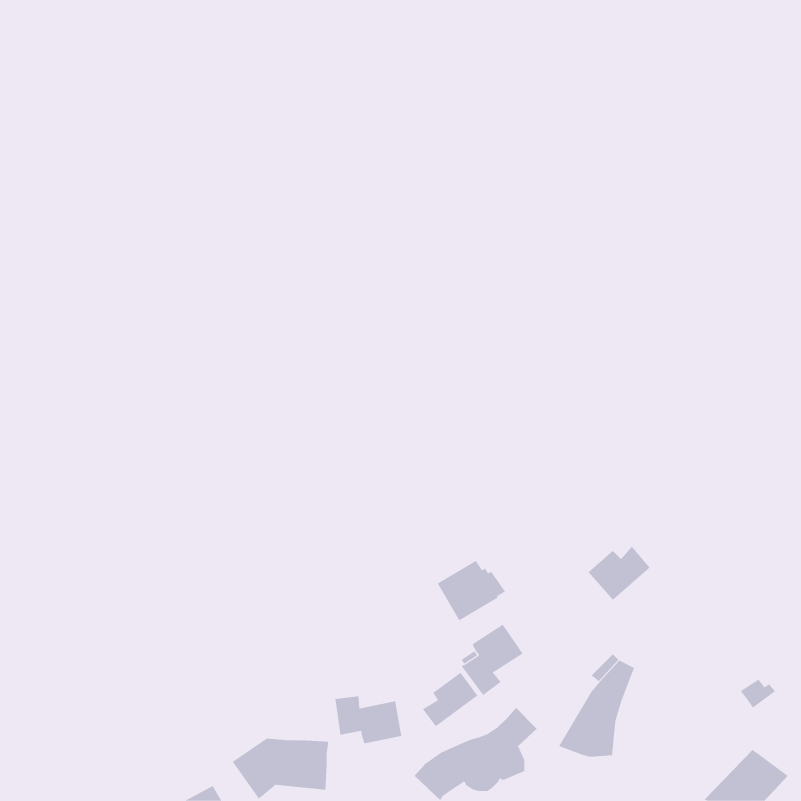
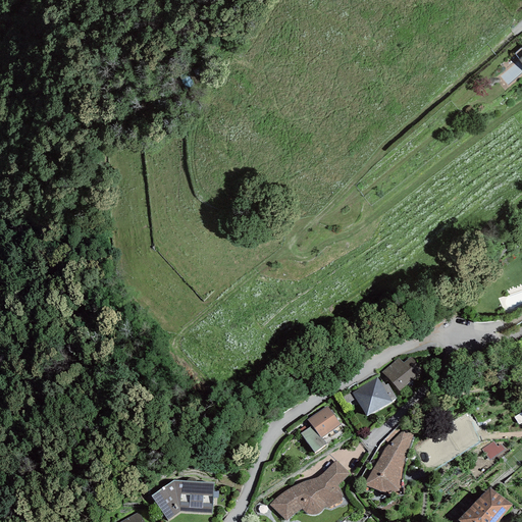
building: [437,560,506,621] -> [352,377,397,417]
building: [422,672,478,727] -> none
building: [335,695,402,744] -> none

